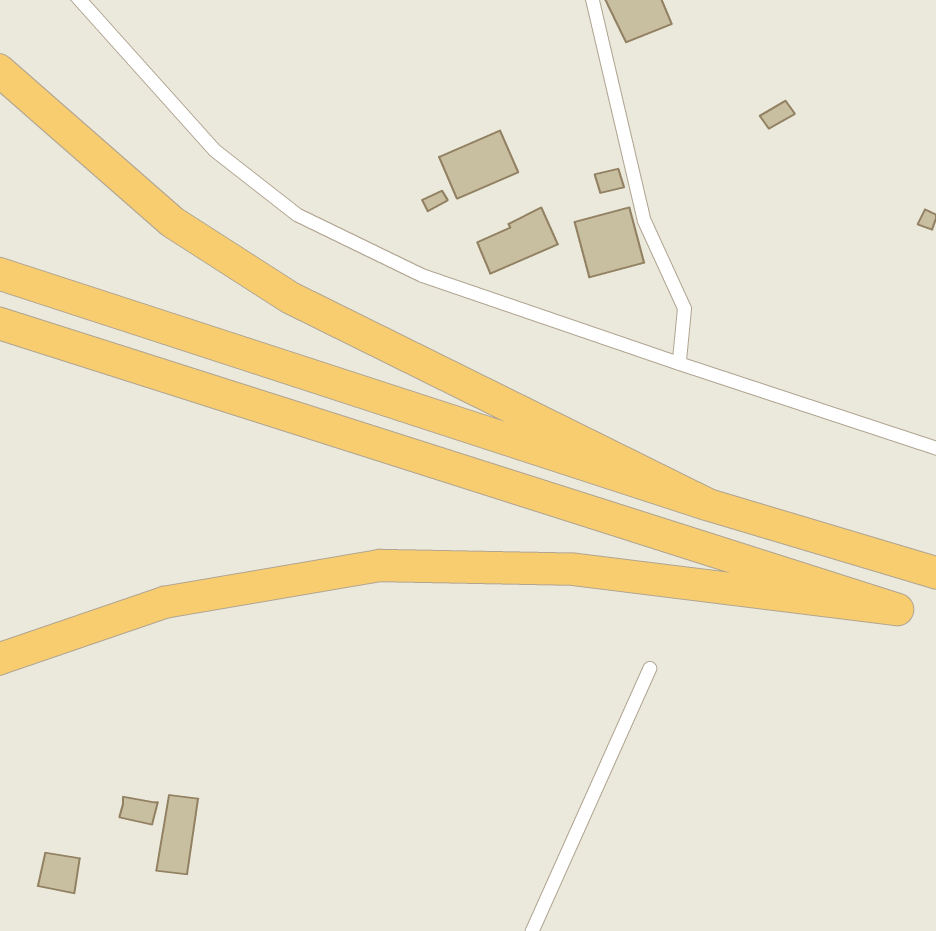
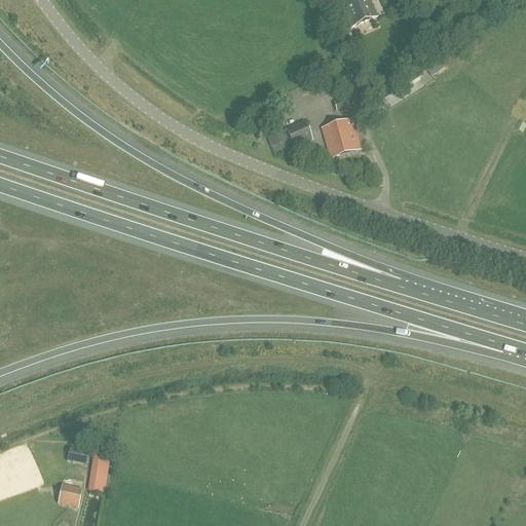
building: [439,130,518,199] -> none
building: [38,853,80,893] -> [58,483,81,505]

